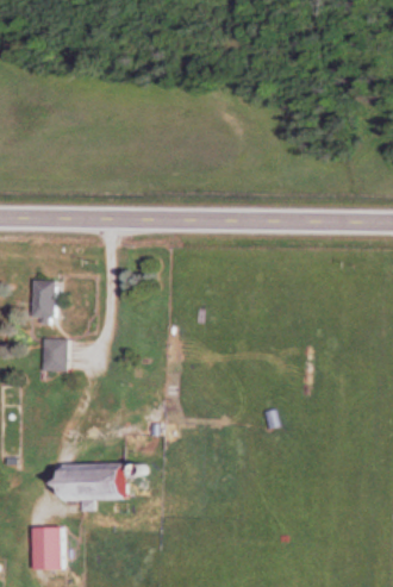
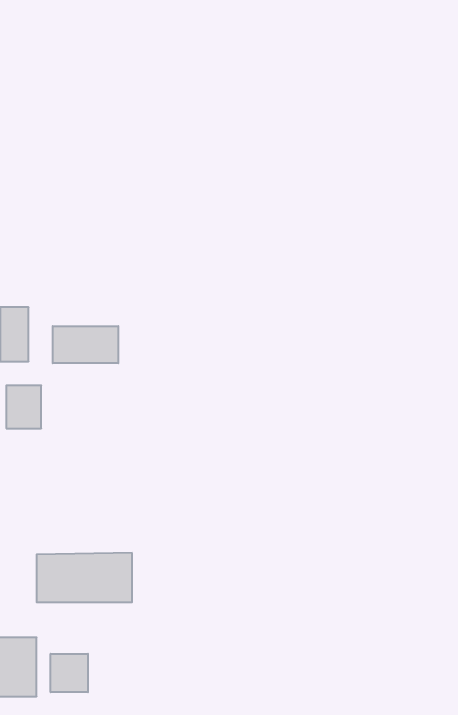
building: none -> [53,326,118,363]
building: none -> [51,654,88,692]

